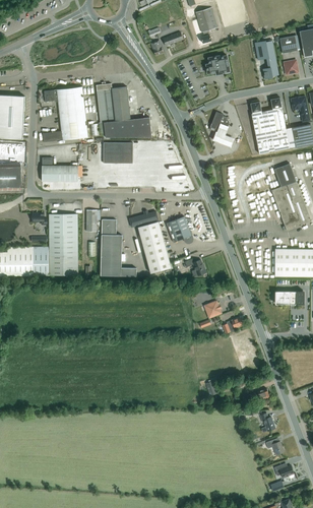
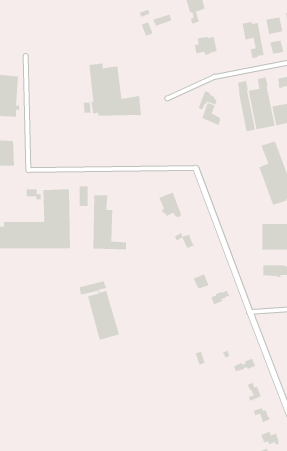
building: [43,87,88,142] -> none
building: [104,142,133,164] -> none
building: [42,157,78,181] -> none
building: [129,211,172,273] -> [78,280,120,340]

